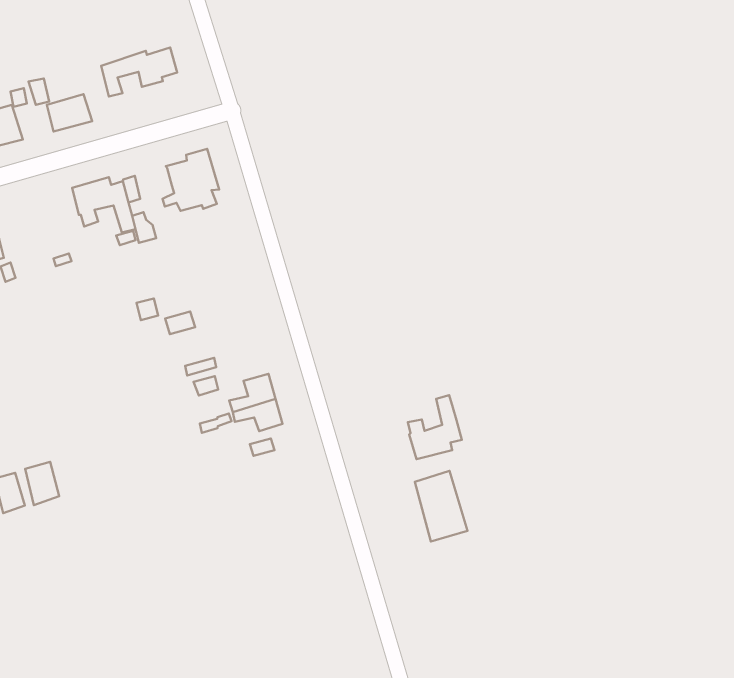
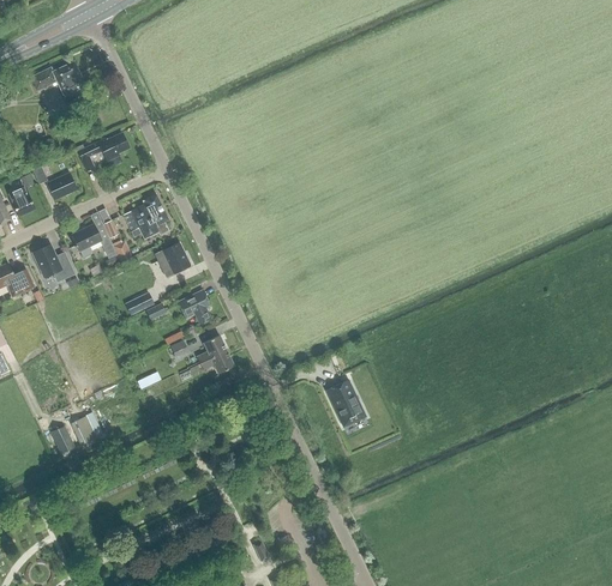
building: none -> [31,244,74,282]
building: none -> [154,243,190,278]
building: none -> [176,290,210,325]
building: [408,395,462,459] -> none

